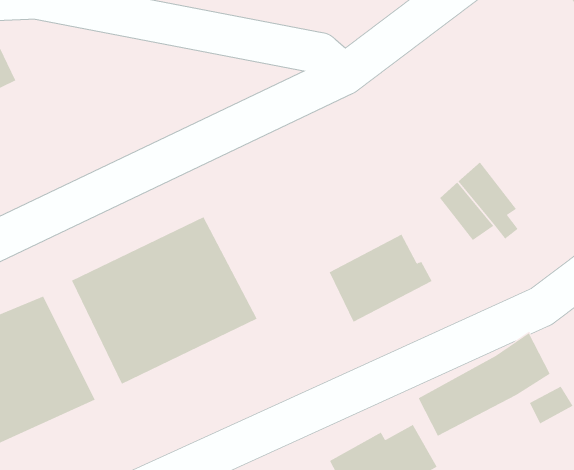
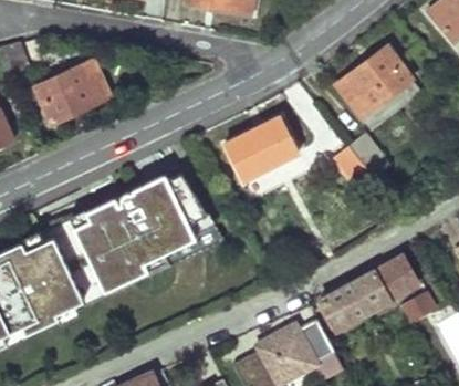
building: none -> [336,49,411,117]
building: none -> [33,60,108,123]
building: [329,234,433,322] -> [225,118,300,182]

